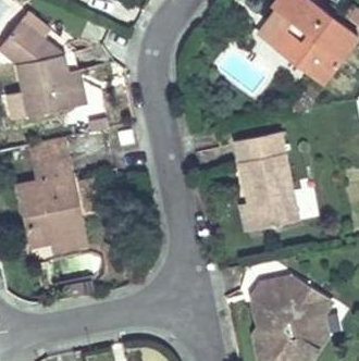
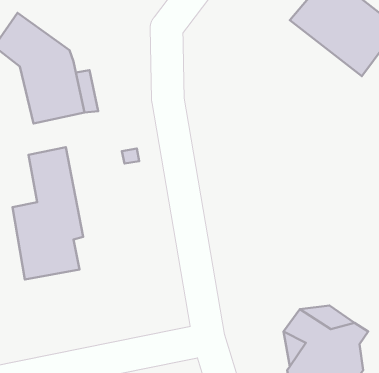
building: [237,135,296,231] -> none

